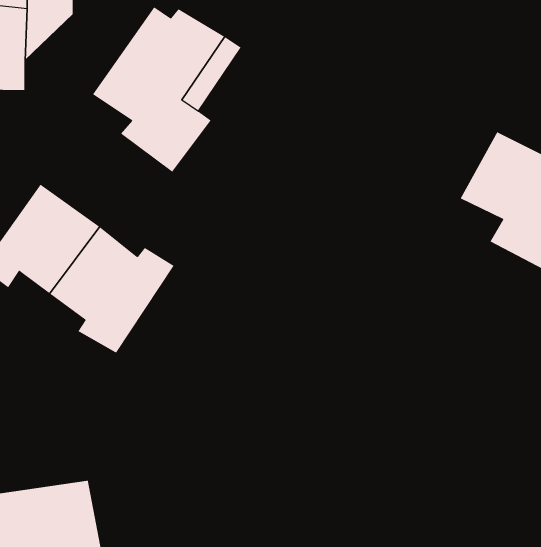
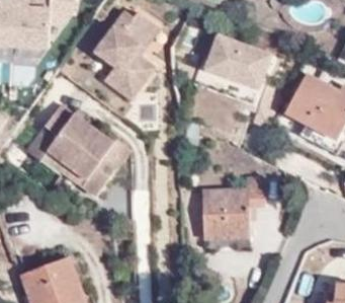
building: none -> [203,32,272,92]
building: none -> [201,179,265,241]

